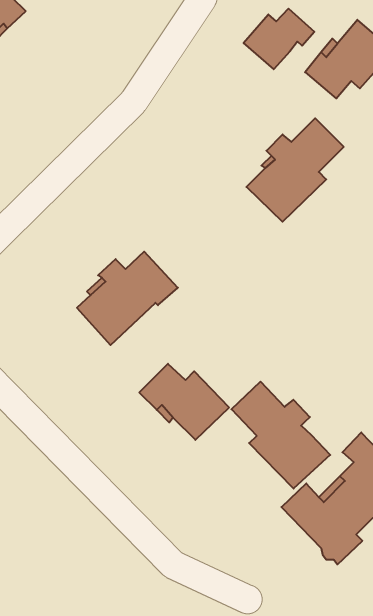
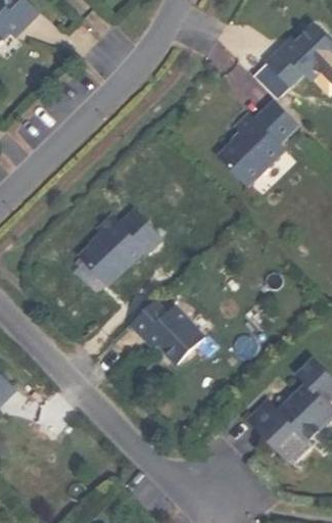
building: [244,9,314,69] -> none
building: [231,382,330,489] -> none

